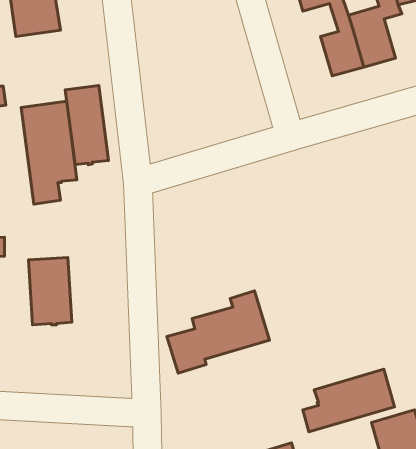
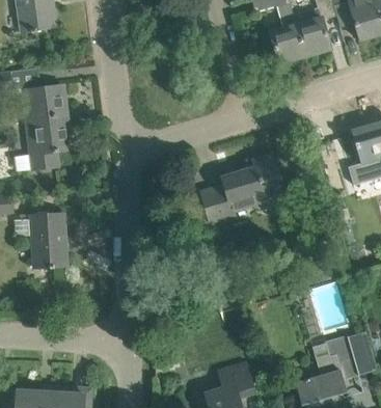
building: [65,86,109,165] -> none
building: [167,291,270,373] -> [201,154,285,221]
building: [303,369,394,432] -> none

